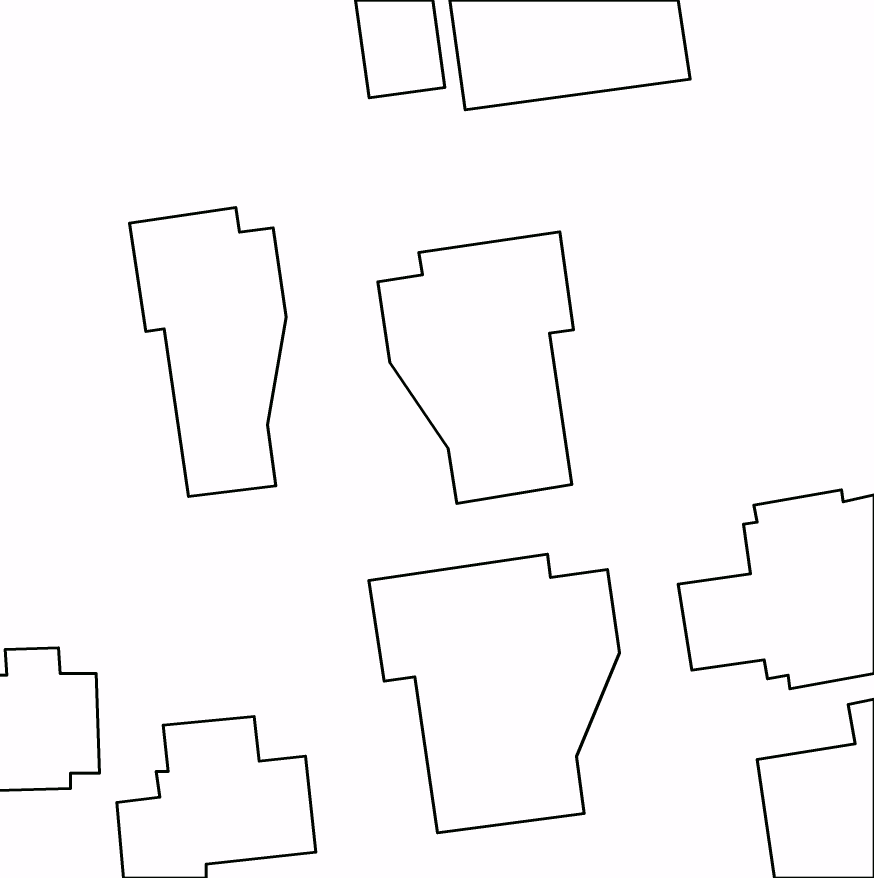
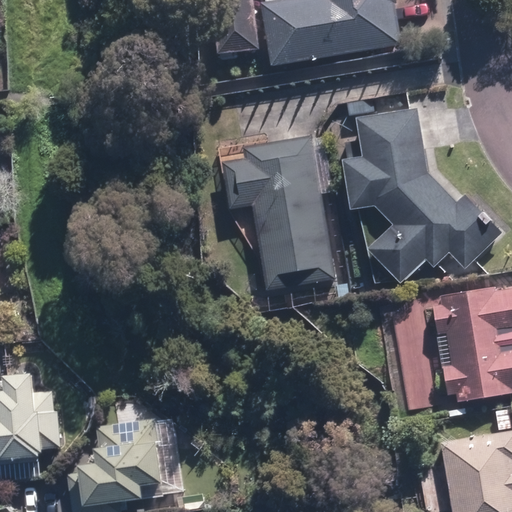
building: none -> [343,109,502,284]
building: [130,207,286,496] -> none
building: [369,554,619,833] -> none

